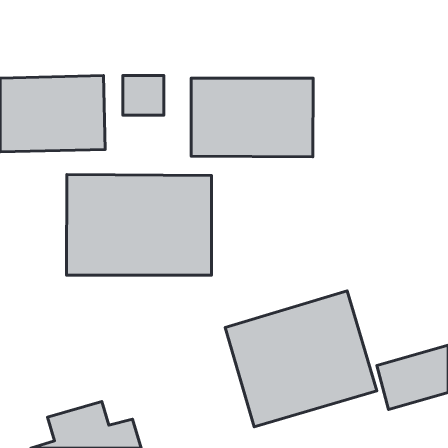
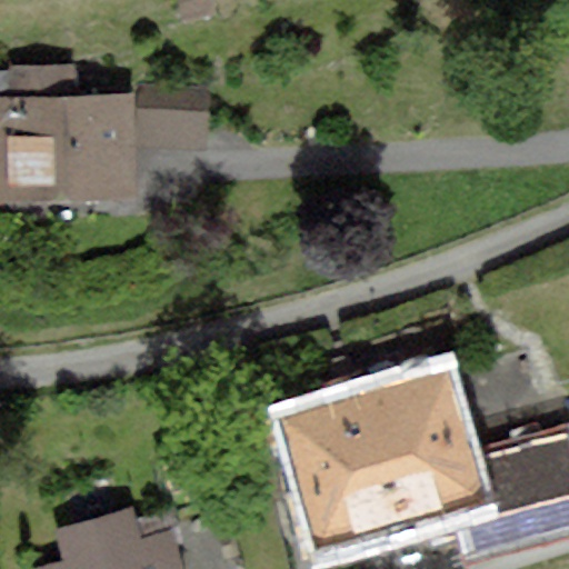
building: [191,78,313,157] -> none
building: [66,175,211,275] -> none

